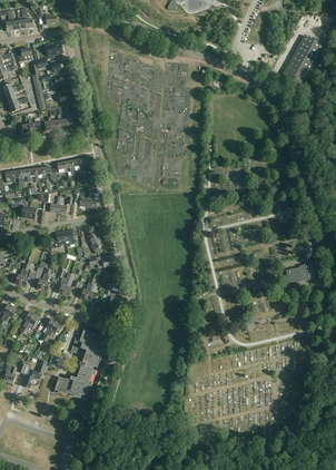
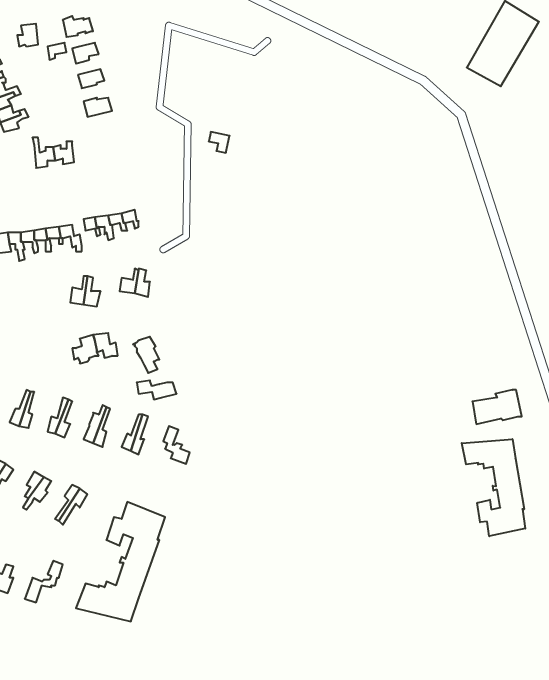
building: none -> [462,439,525,536]

